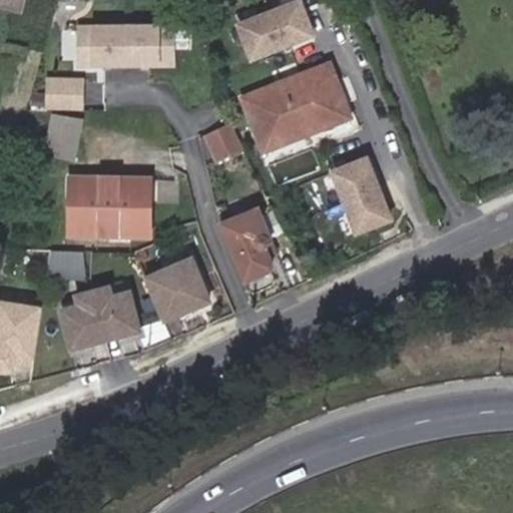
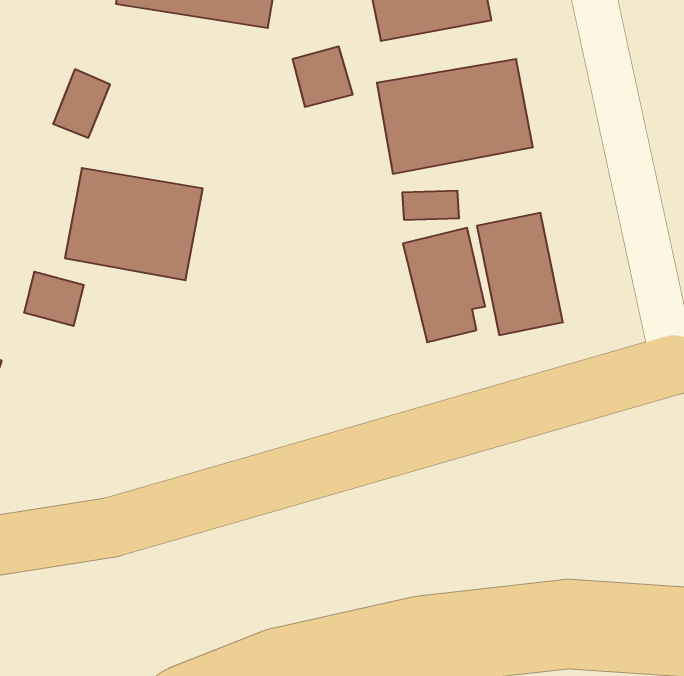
building: [41,76,83,110] -> none
building: [199,122,241,164] -> [293,46,353,107]
building: [217,207,277,285] -> [403,228,485,342]
building: [140,256,211,326] -> none
building: [56,285,141,354] -> none

